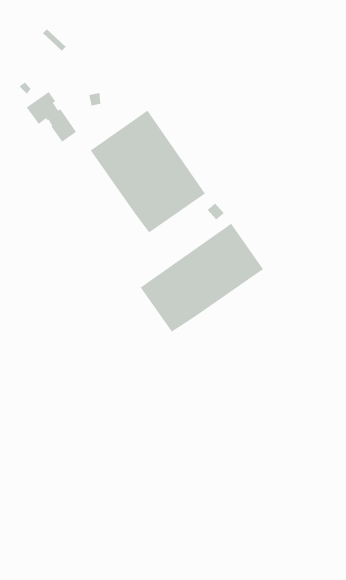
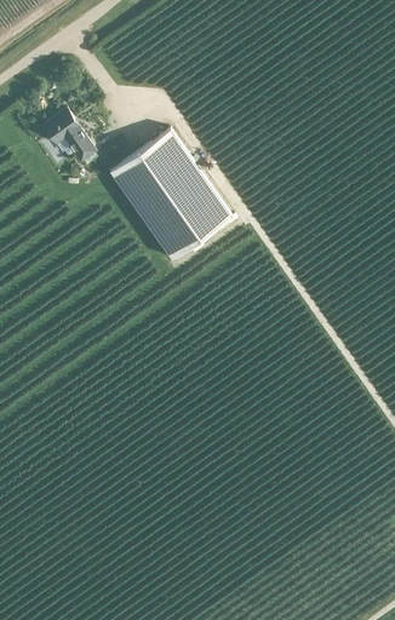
building: [140,223,264,333] -> none

